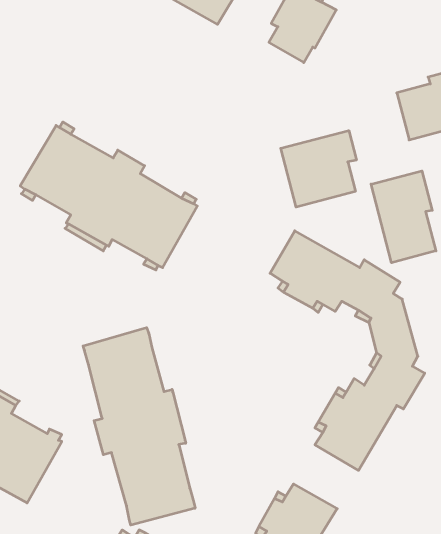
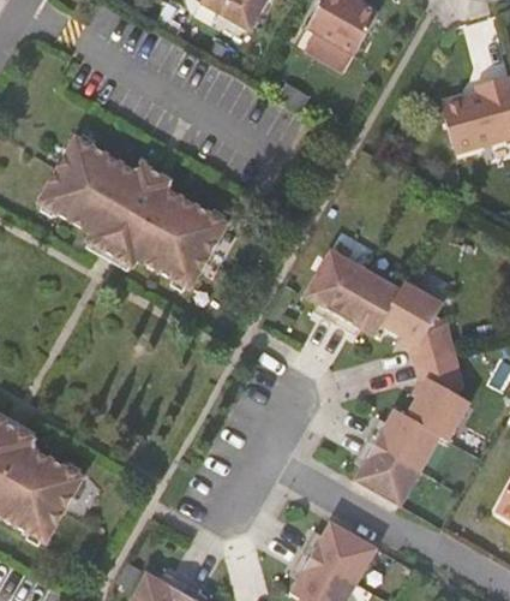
building: [281,131,356,207] -> none
building: [371,171,436,263] -> none
building: [83,328,195,525] -> none

